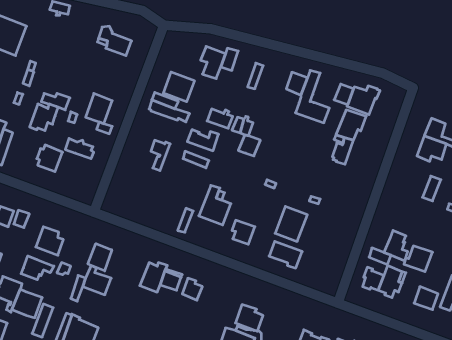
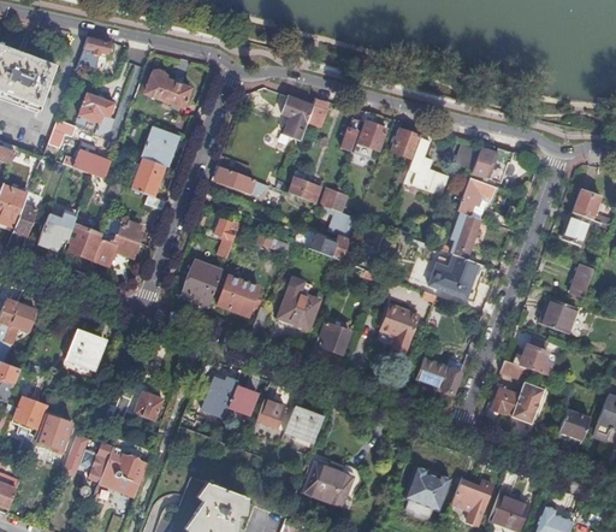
building: none -> [77,93,113,123]
building: none -> [359,111,387,149]
building: none -> [141,125,177,166]
building: [163,72,194,102] -> none
building: [30,104,58,131] -> [37,213,75,248]
building: [187,130,219,151] -> [309,232,350,260]
building: none -> [94,235,137,265]
building: none -> [430,254,480,296]
building: none -> [183,260,223,307]
building: none -> [218,276,261,317]
building: [269,241,302,268] -> [417,359,461,394]
building: [88,244,112,271] -> none
building: [404,246,433,272] -> [540,298,578,332]
building: [21,256,54,280] -> none
building: [235,305,263,331] -> [285,407,321,442]

